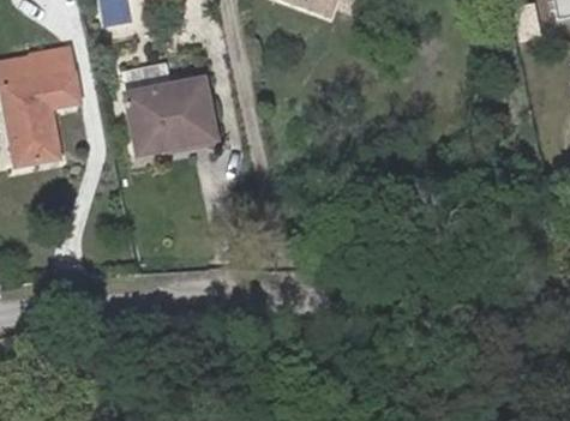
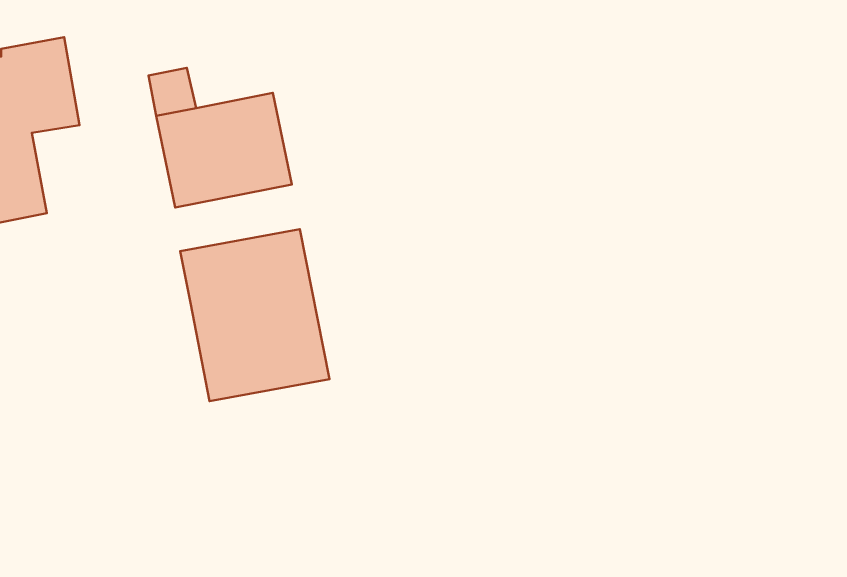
building: none -> [180,229,329,401]

